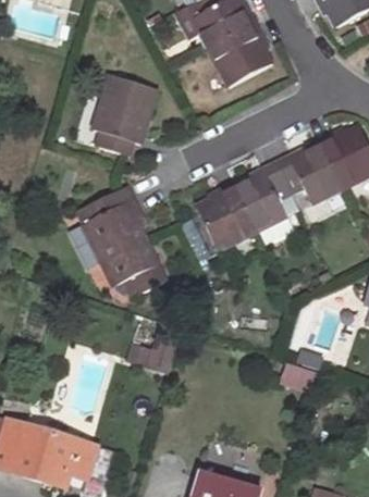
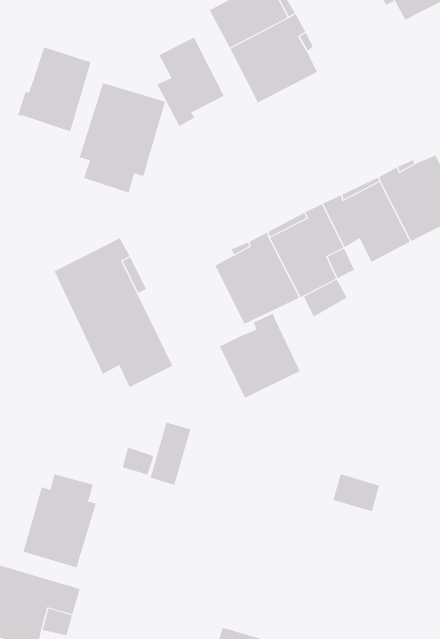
building: none -> [157,37,225,127]
building: none -> [17,47,91,132]
building: none -> [219,313,300,399]
building: none -> [23,474,96,568]

